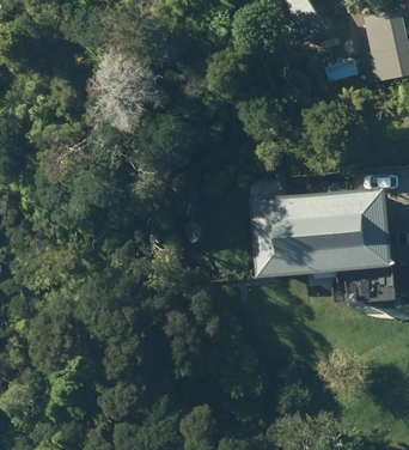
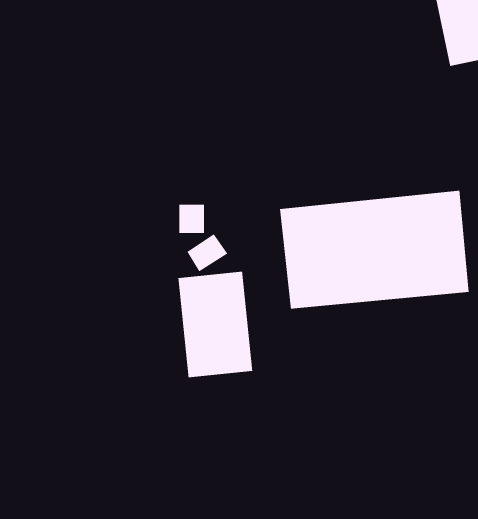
building: none -> [178,271,253,378]

